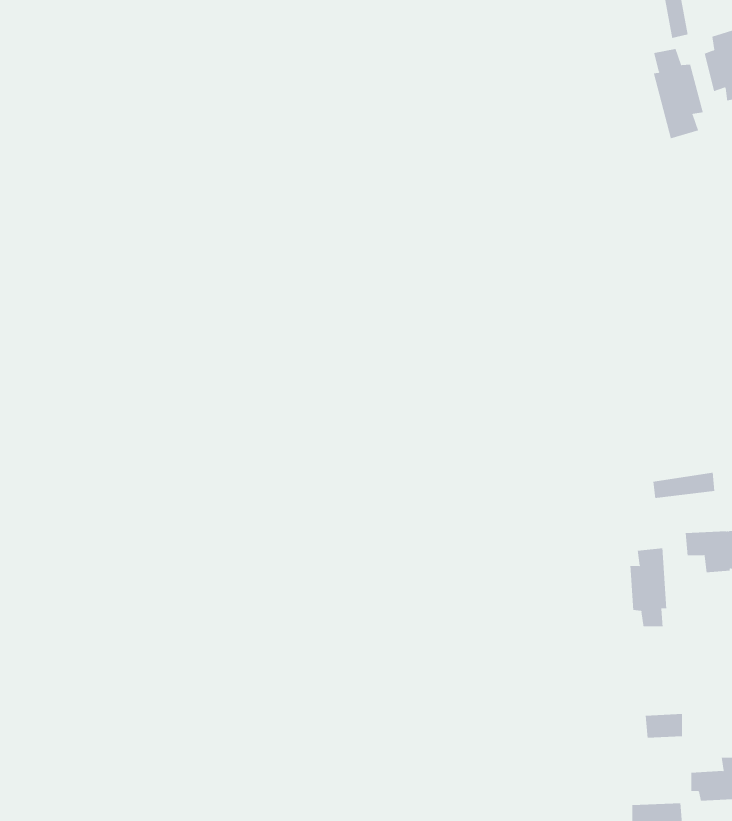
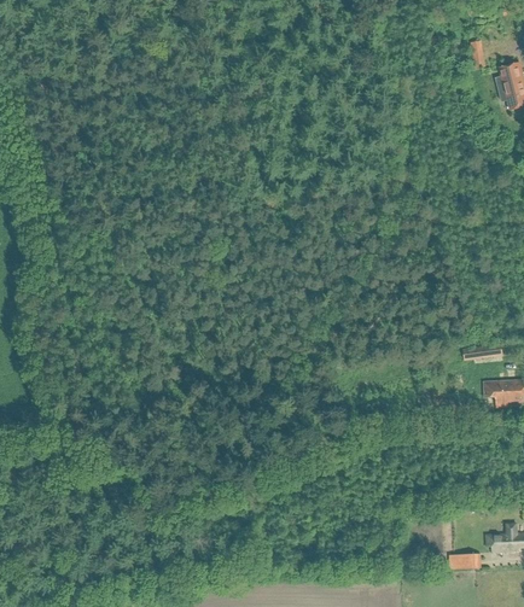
building: [653,48,704,139] -> none
building: [630,548,667,627] -> none

